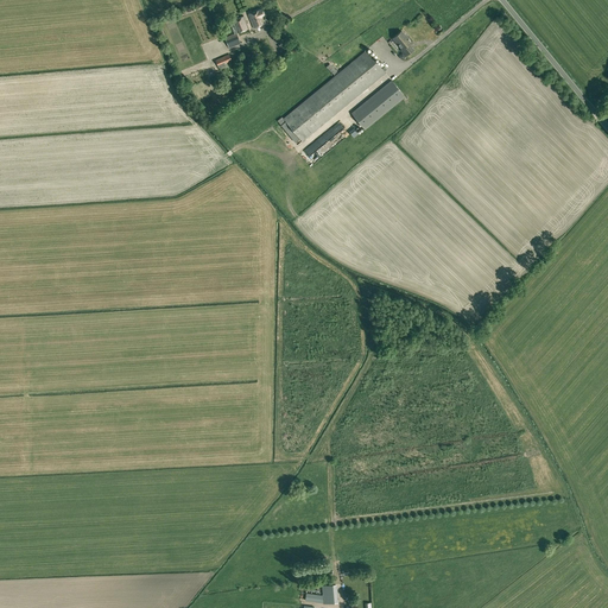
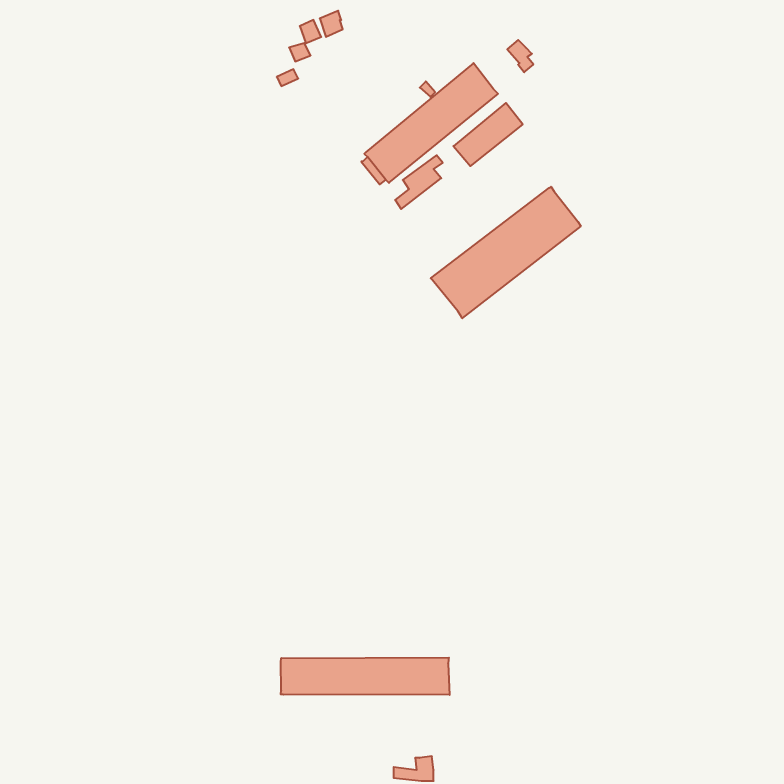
building: none -> [431,187,581,318]
building: none -> [281,658,450,695]

